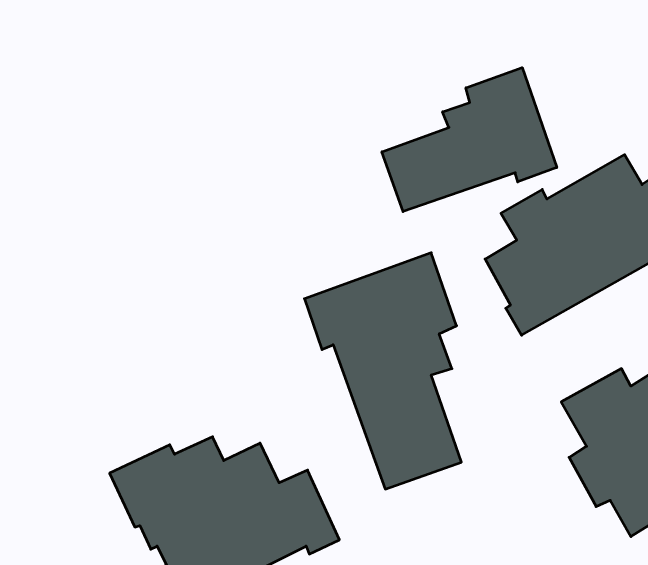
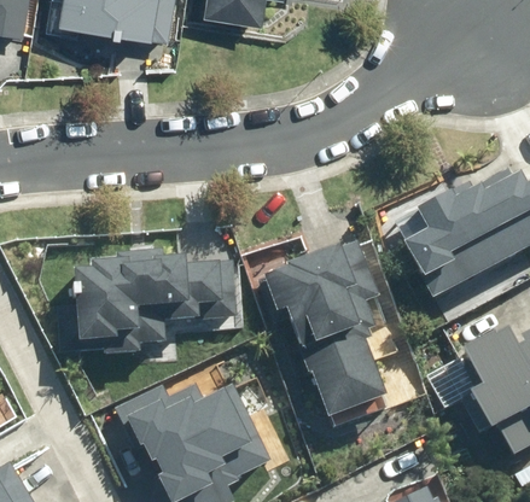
building: [382,68,557,212] -> none
building: none -> [69,252,235,362]

